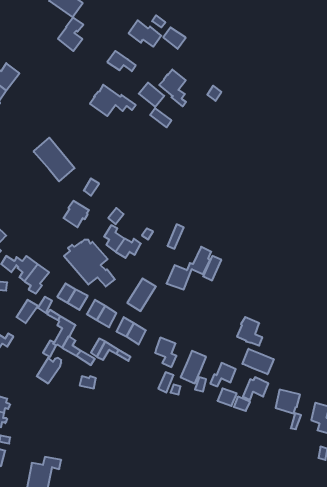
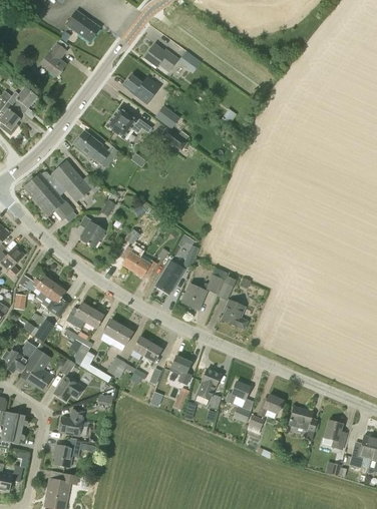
building: [58,17,83,51] -> [41,43,66,76]
building: [159,69,186,106] -> none
building: none -> [74,130,110,164]
building: [64,240,115,287] -> [23,171,73,217]
building: [127,278,156,311] -> [155,262,183,294]
building: [237,317,262,346] -> [222,301,247,329]
building: none -> [25,349,52,390]
building: [242,349,274,374] -> none
building: none -> [58,409,83,436]
building: none -> [54,445,79,467]

